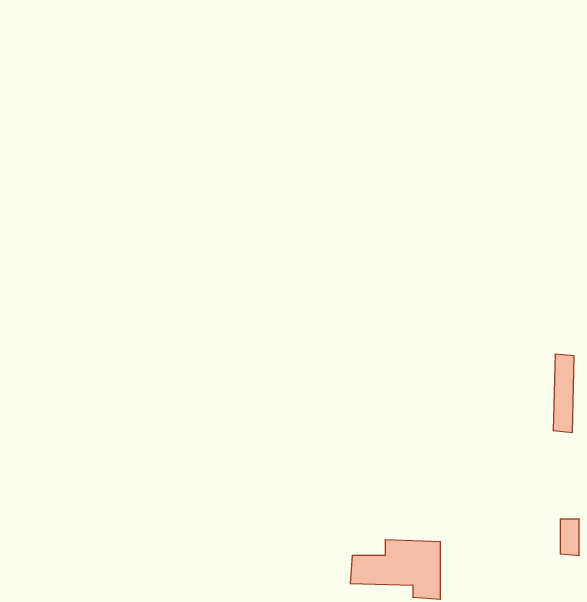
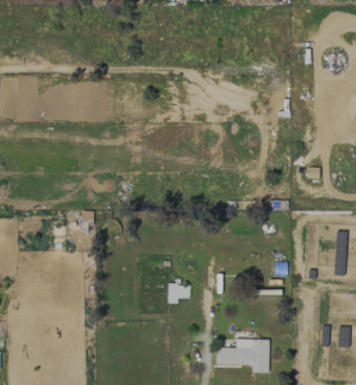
building: none -> [169,284,191,303]

